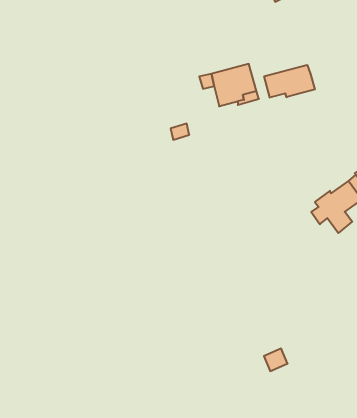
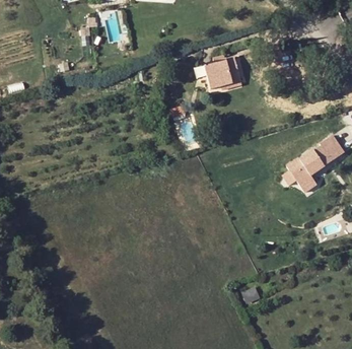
building: [264,65,315,98] -> none

